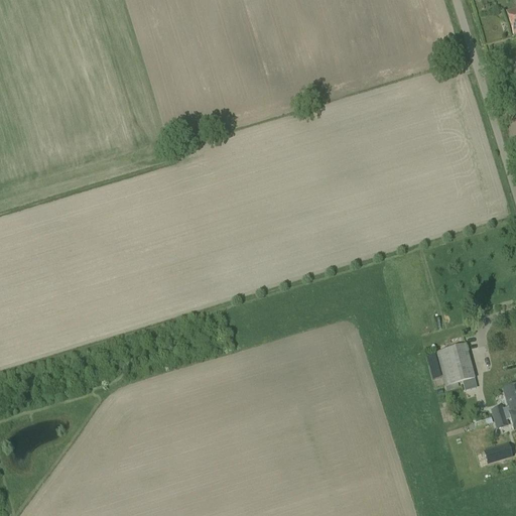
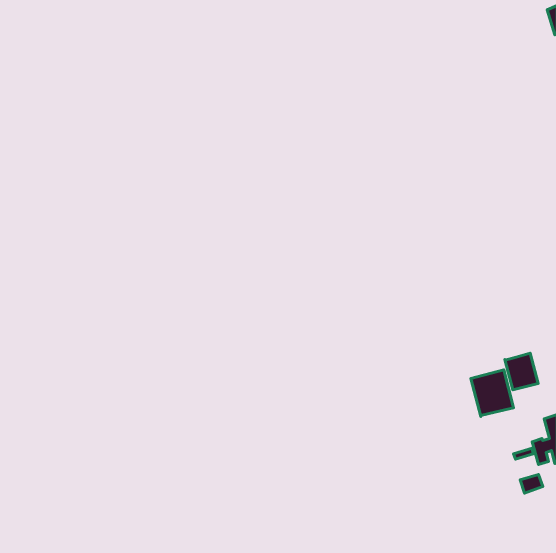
building: none -> [505,353,538,390]

